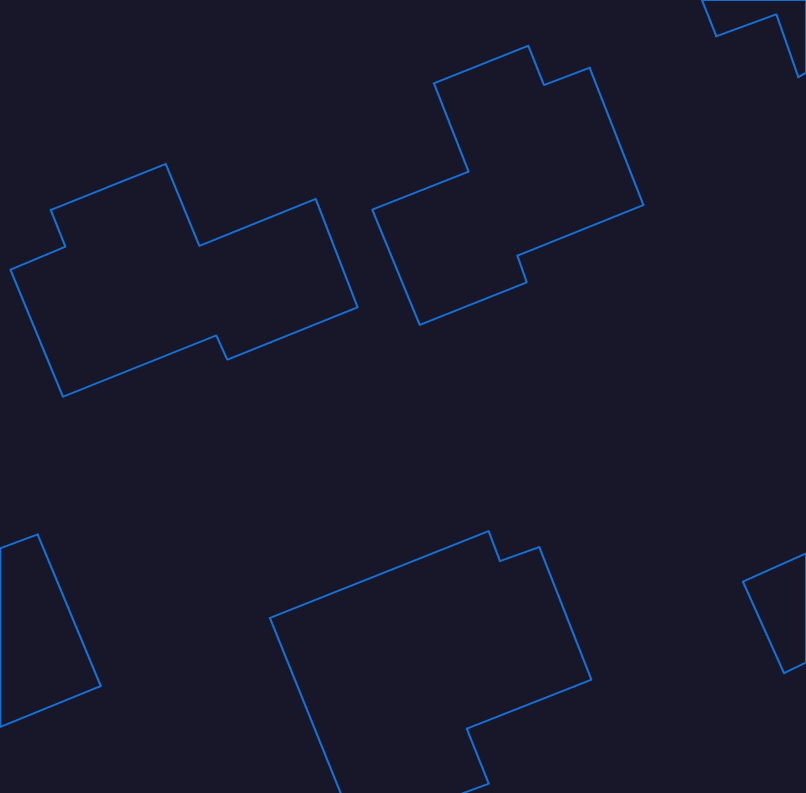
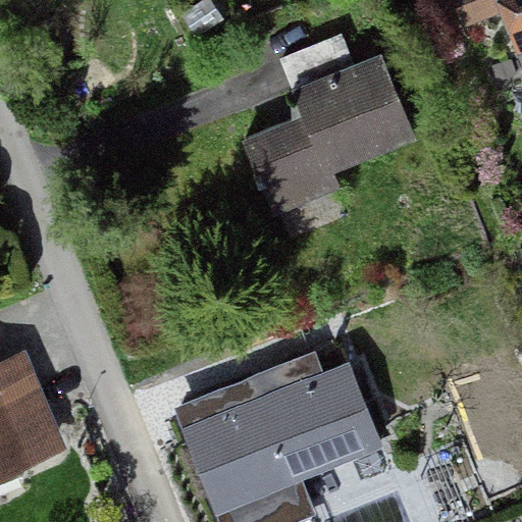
building: [11,164,358,397] -> none

